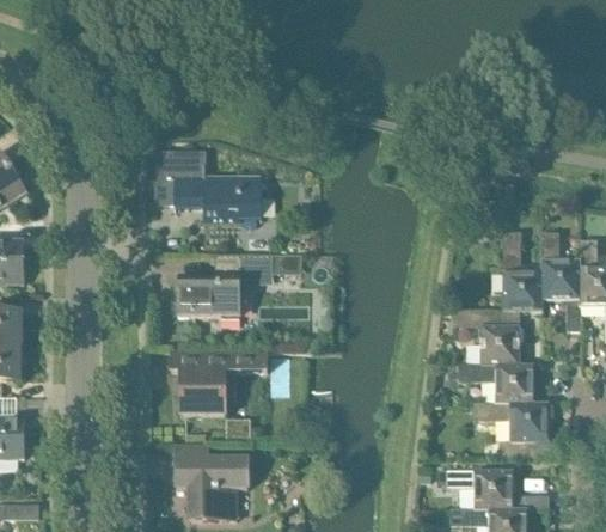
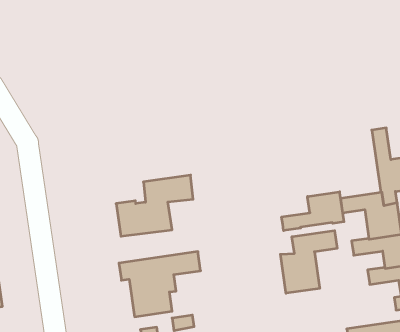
building: [155,153,262,219] -> none
building: none -> [282,192,344,231]
building: none -> [280,231,337,293]

